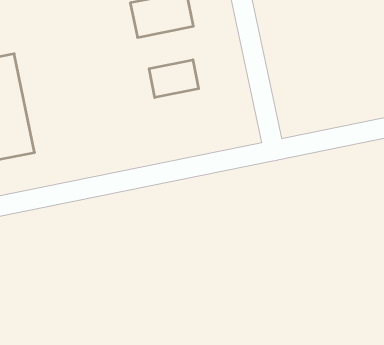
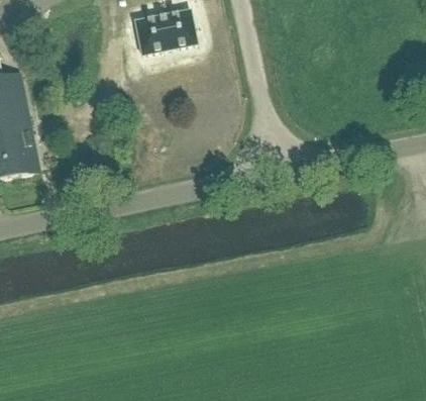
building: [149,60,199,98] -> none

